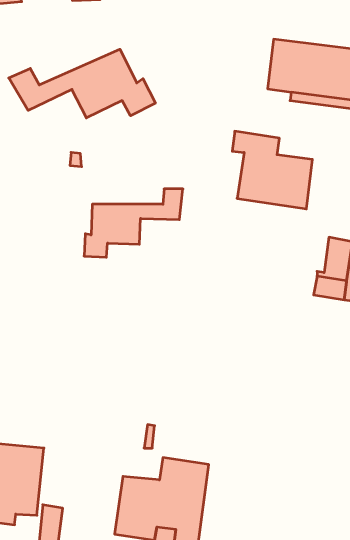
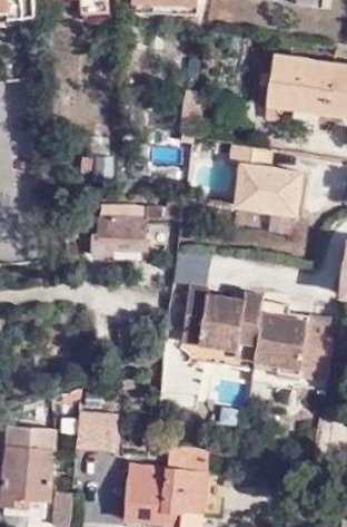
building: [9,49,155,118] -> none
building: none -> [180,290,308,377]
building: none -> [78,410,118,451]

